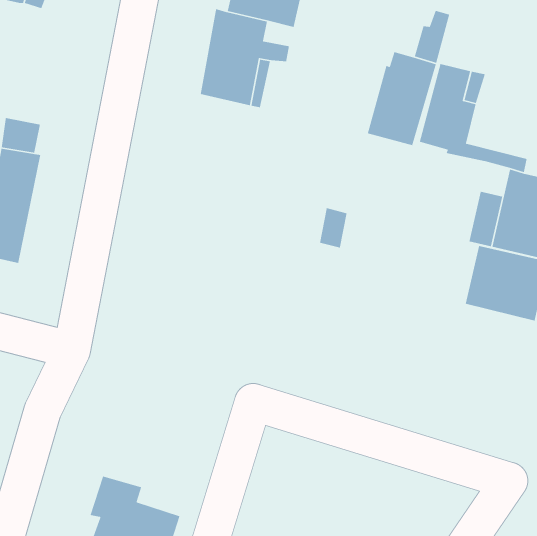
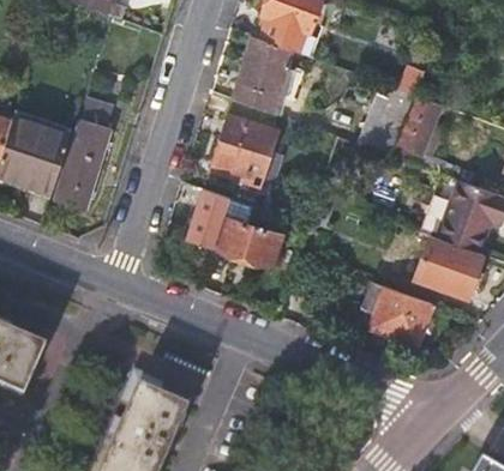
building: none -> [212,114,276,179]
building: none -> [190,188,288,262]
building: none -> [364,280,433,345]

